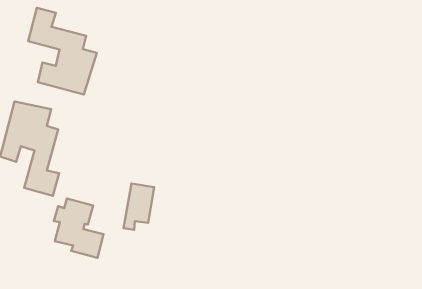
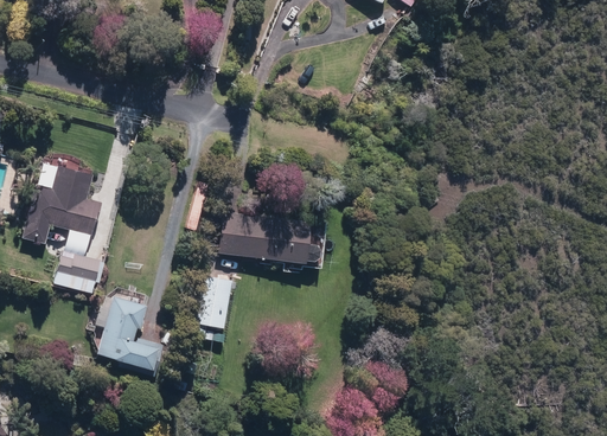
building: [28,8,97,95] -> none
building: none -> [218,212,326,270]

